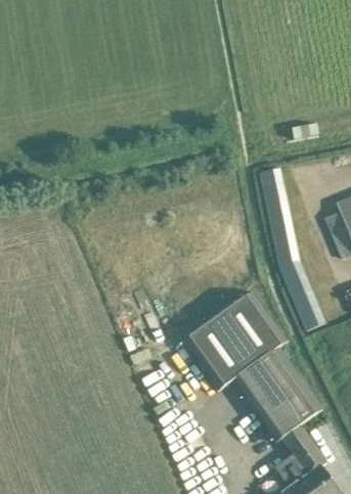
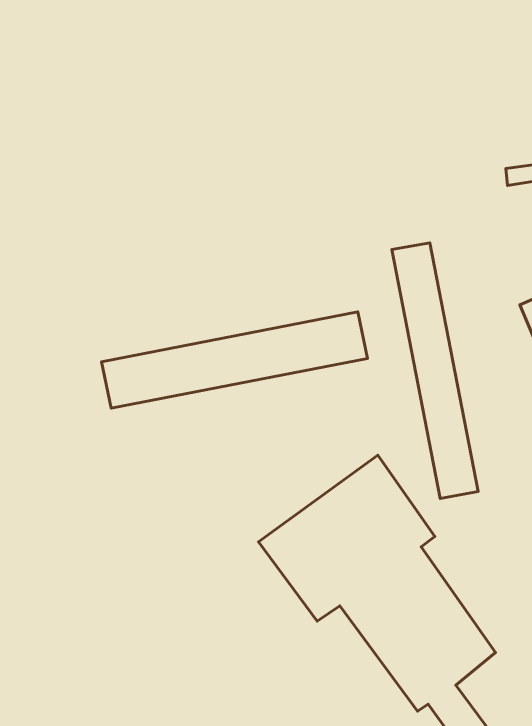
building: none -> [102,312,368,408]

